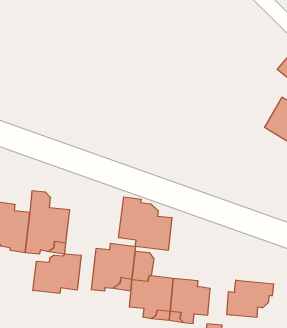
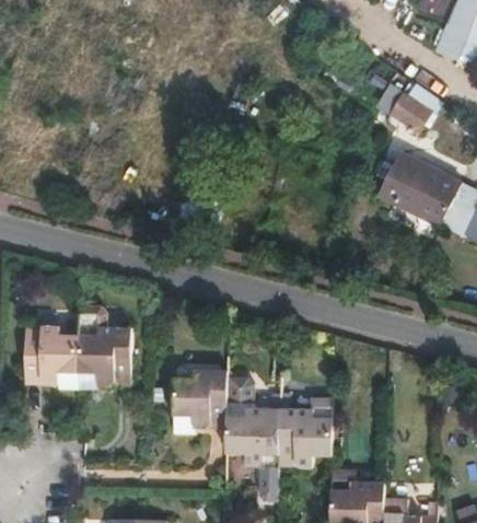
building: [119,197,172,250] -> none
building: [33,254,81,293] -> none
building: [227,280,273,317] -> none

